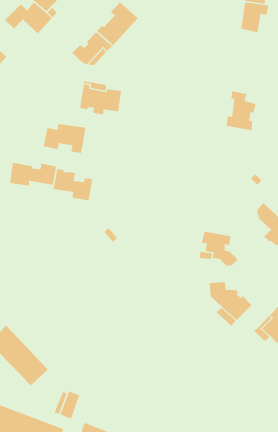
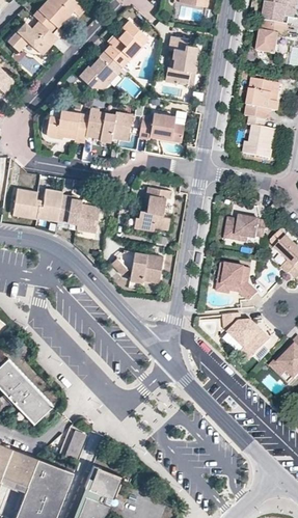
building: none -> [165,36,196,84]
building: none -> [243,78,279,118]
building: none -> [138,114,184,144]
building: [43,123,86,154] -> [45,111,90,143]
building: none -> [134,187,172,231]
building: none -> [221,216,264,240]
building: none -> [130,252,165,285]

